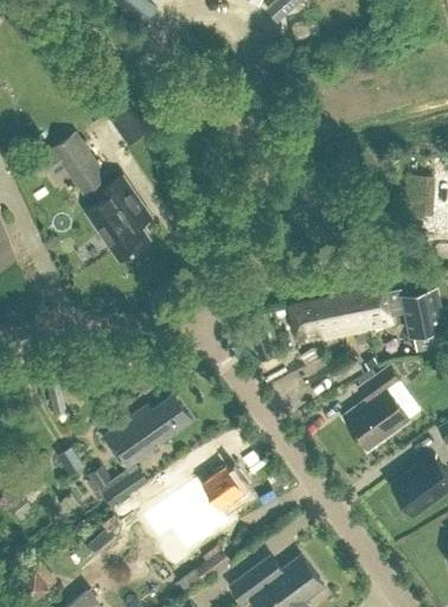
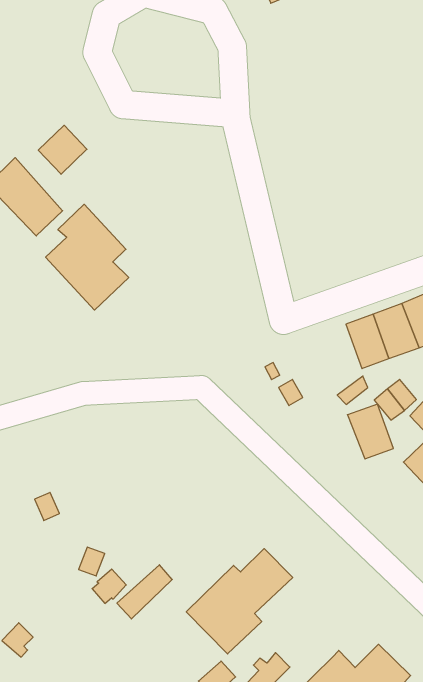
building: none -> [38,125,87,174]
building: [290,301,322,343] -> [347,404,393,459]
building: [103,395,193,469] -> none

